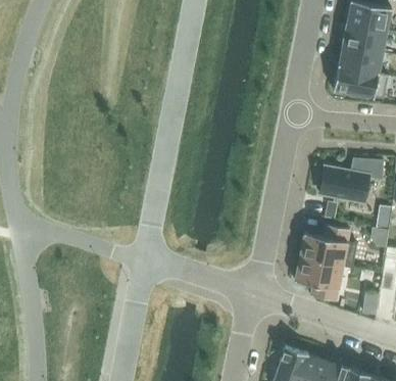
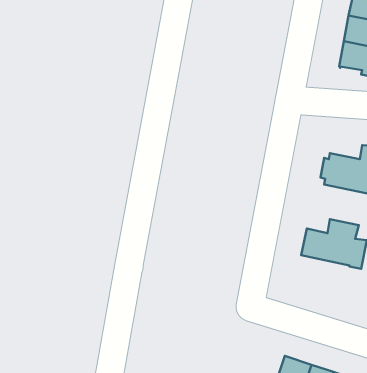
building: [295,256,343,301] -> none

